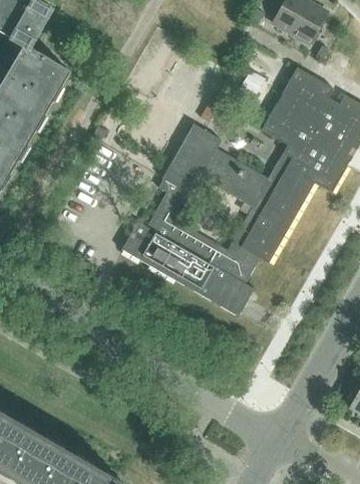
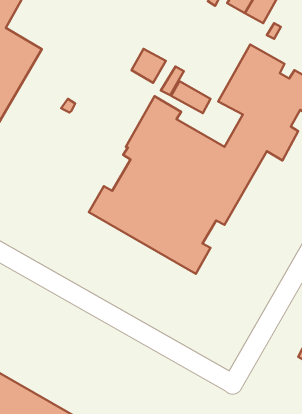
building: none -> [132,49,166,83]
building: none -> [171,81,211,113]

